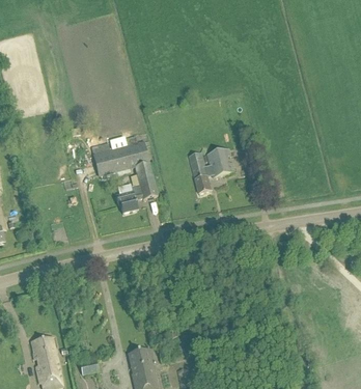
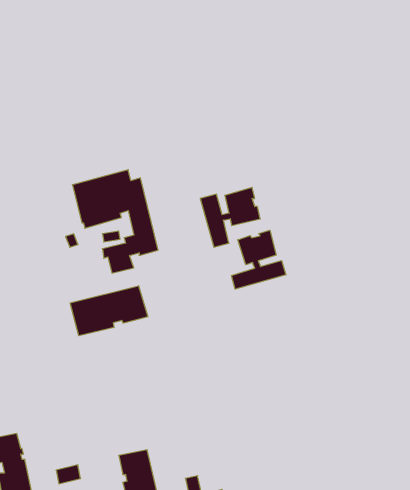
building: none -> [231,230,286,289]
building: none -> [70,286,148,336]

